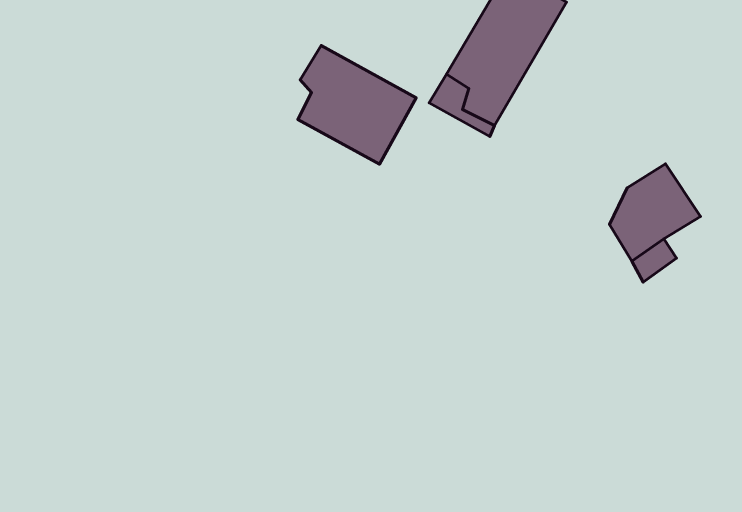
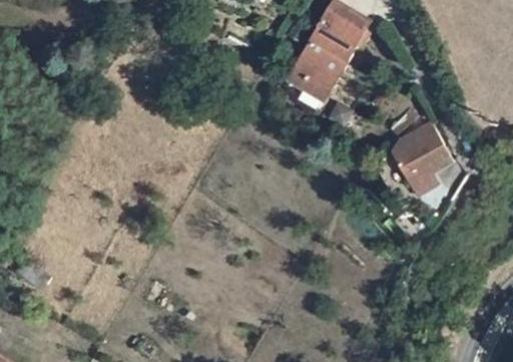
building: [298,45,416,164] -> none

